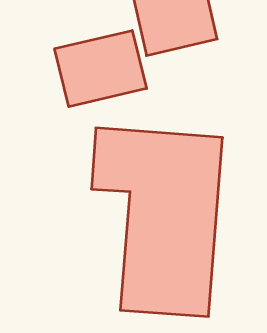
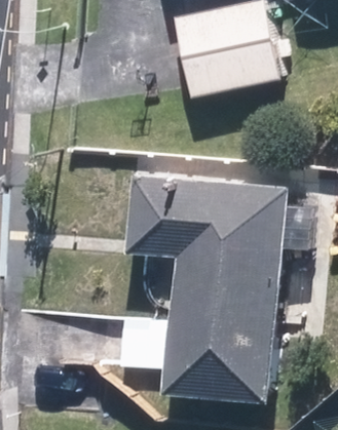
building: [55,30,147,107] -> none

